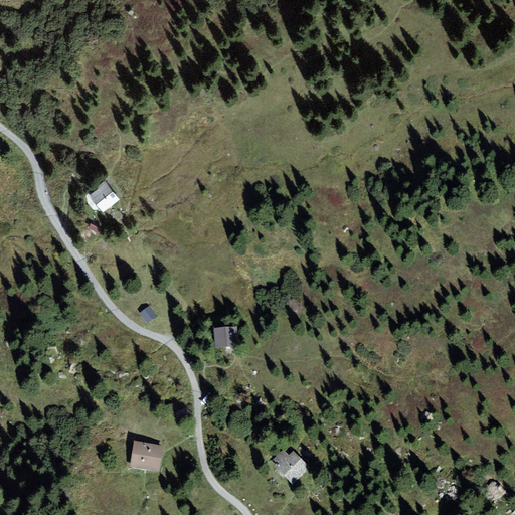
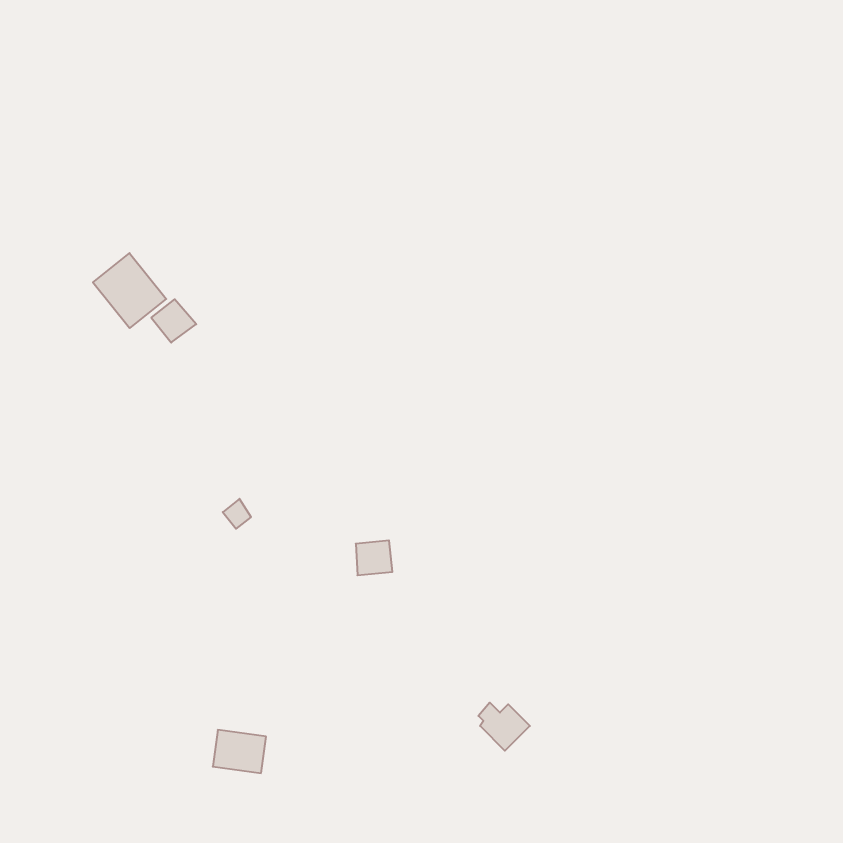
building: none -> [93,253,166,328]
building: [275,453,306,482] -> [478,703,530,751]

